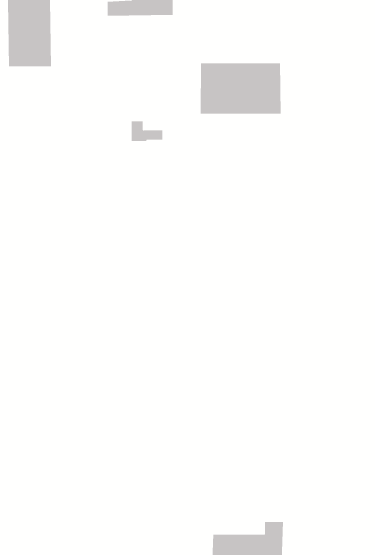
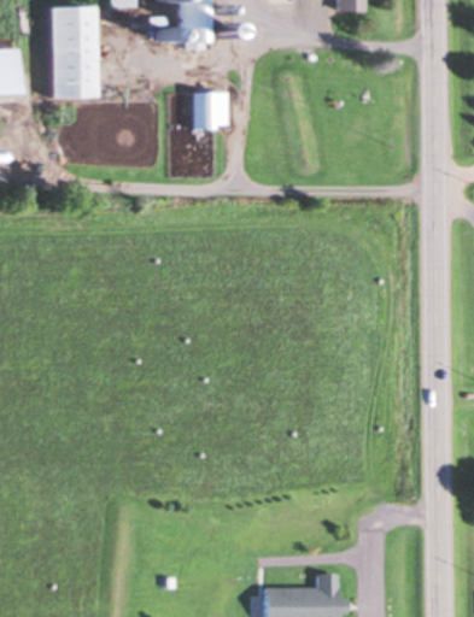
building: none -> [194,92,228,129]
building: [200,63,281,115] -> none

